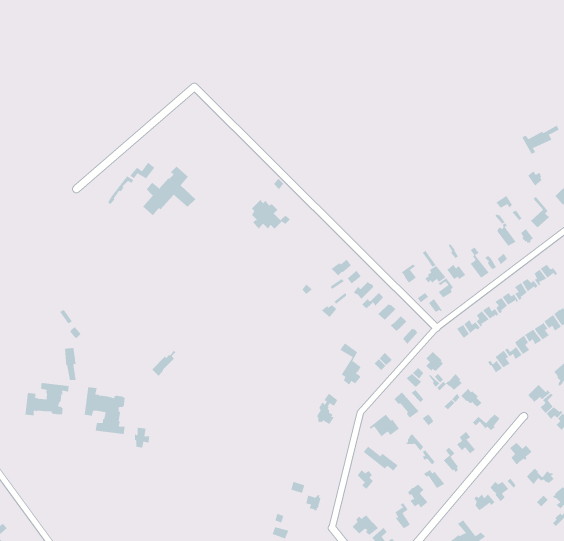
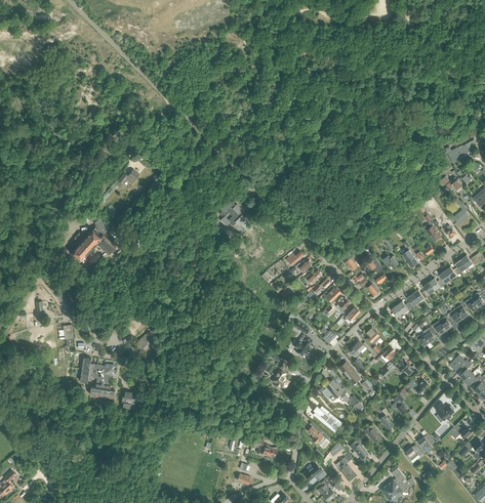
building: [142,166,196,216] -> [71,219,116,261]
building: [25,382,69,416] -> none

